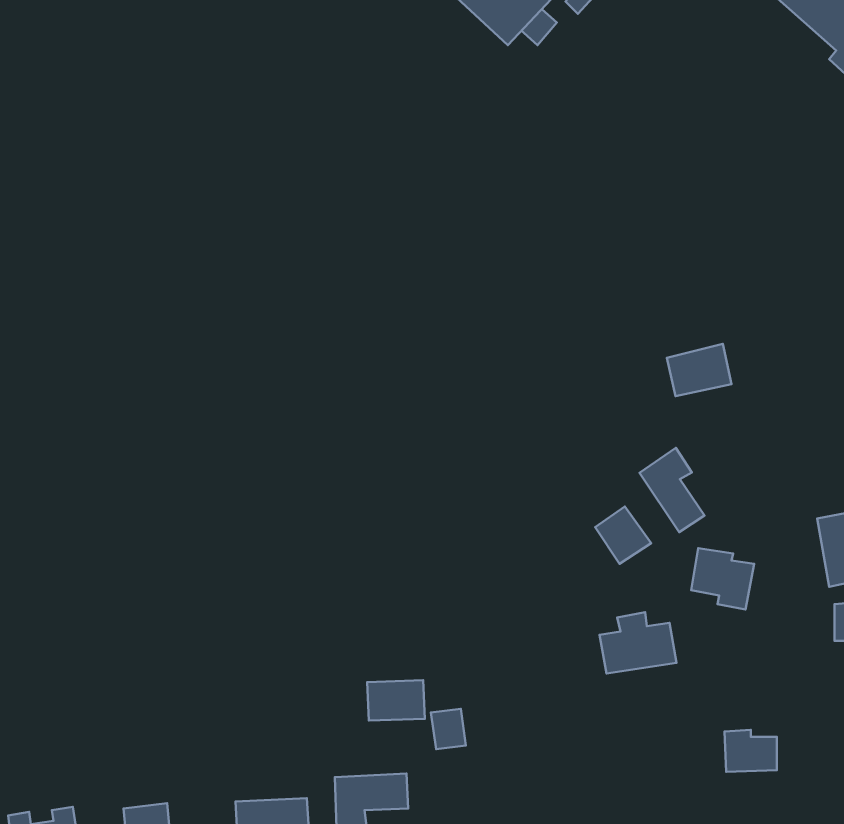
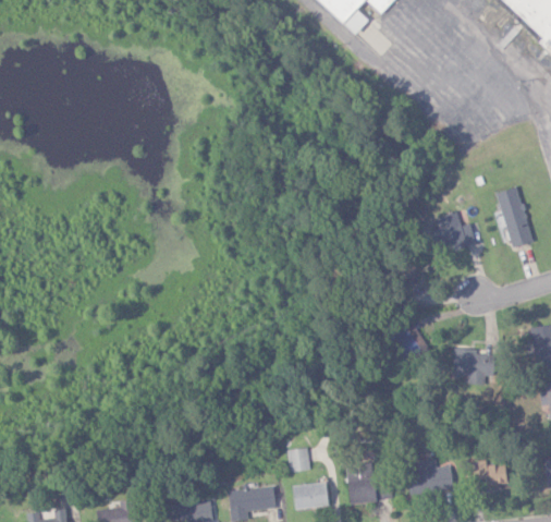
building: none -> [498,186,532,246]
building: [639,448,704,532] -> none
building: [600,612,676,673] -> [407,458,455,496]
building: [367,680,425,720] -> [293,483,329,508]
building: none -> [347,463,392,502]

